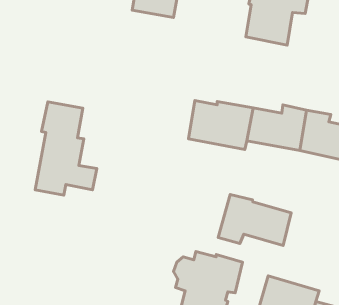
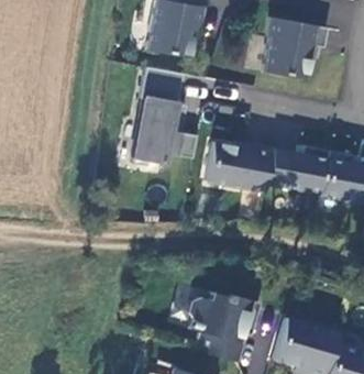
building: [35,102,97,195] -> [133,67,197,164]
building: [218,194,291,246] -> none

